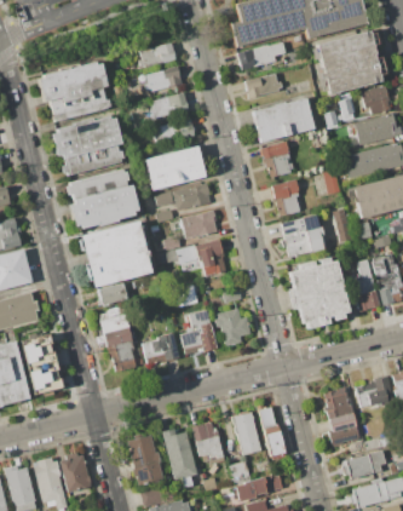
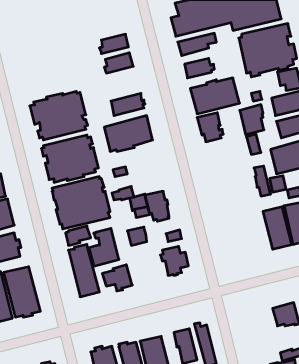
building: [38,62,113,122] -> none
building: [152,92,189,117] -> none
building: [270,179,300,217] -> [240,105,264,135]
building: [155,183,212,211] -> none
building: [182,209,218,239] -> none
building: [281,214,324,257] -> none
building: [289,257,349,329] -> none
building: [180,310,218,357] -> [89,228,119,266]
building: [324,387,361,447] -> none

